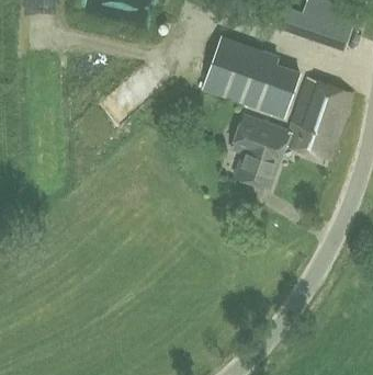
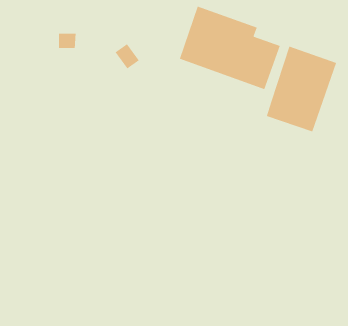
building: [231,115,290,190] -> none

